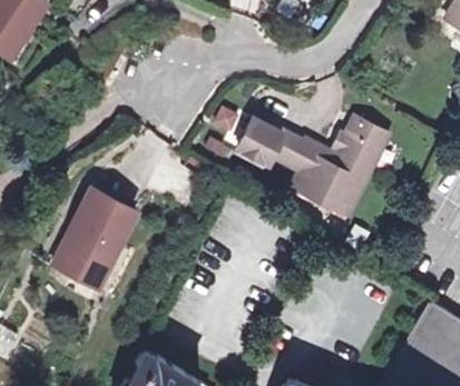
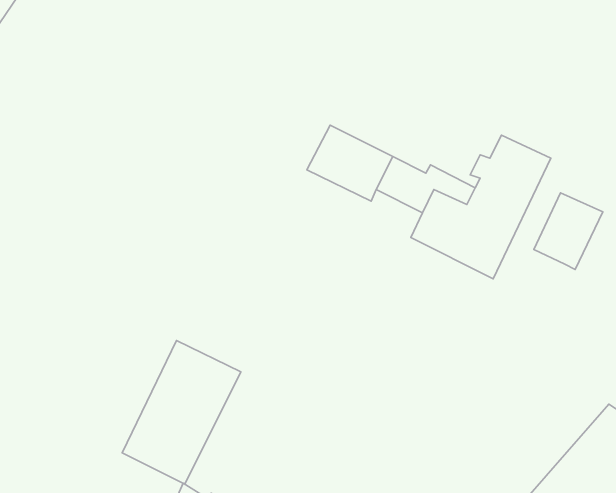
building: none -> [534,193,603,270]
building: [53,191,134,288] -> [122,340,241,484]

